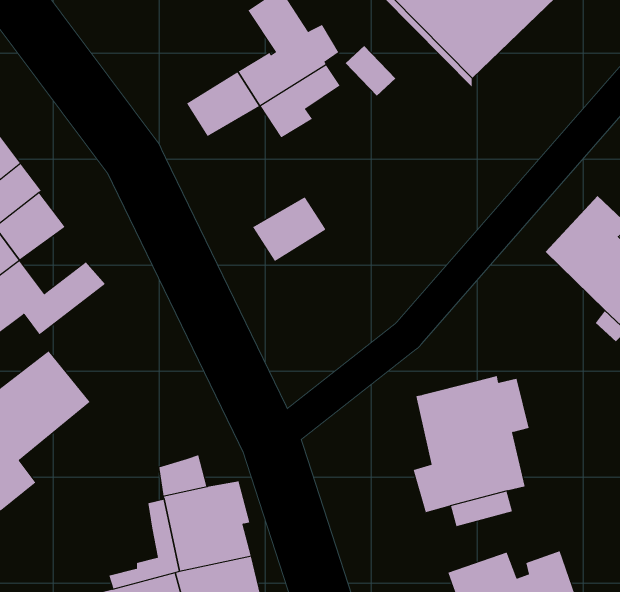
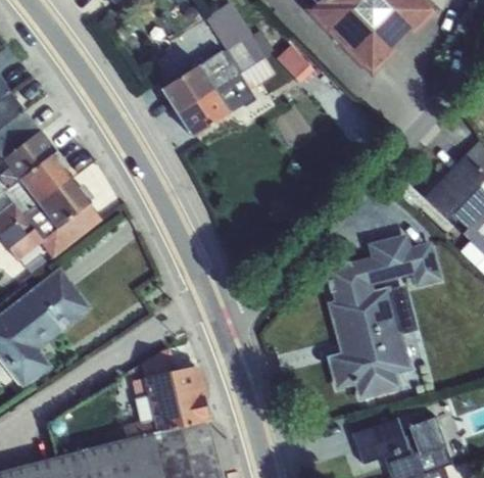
building: [252,197,326,262] -> [177,90,231,138]
building: none -> [39,179,91,228]
building: none -> [326,233,443,302]

